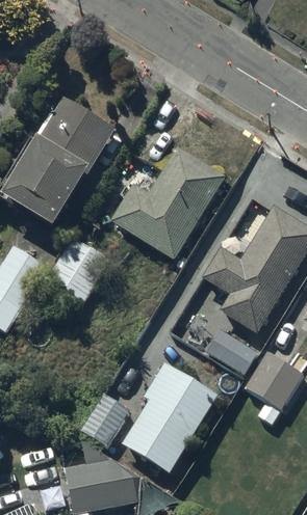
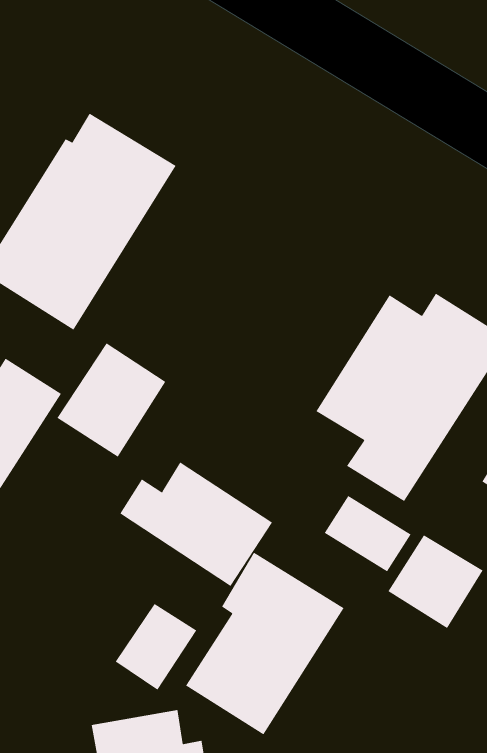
building: [111,146,226,260] -> none
building: none -> [119,462,273,587]

